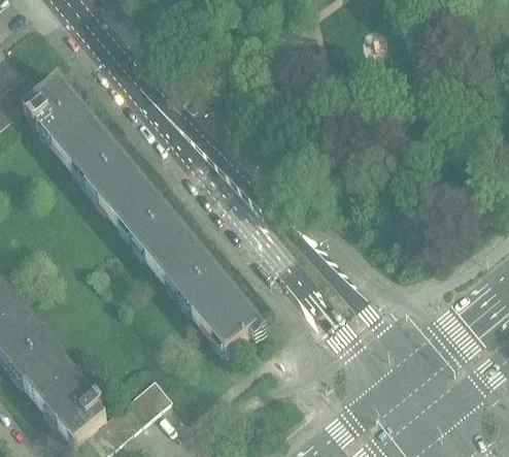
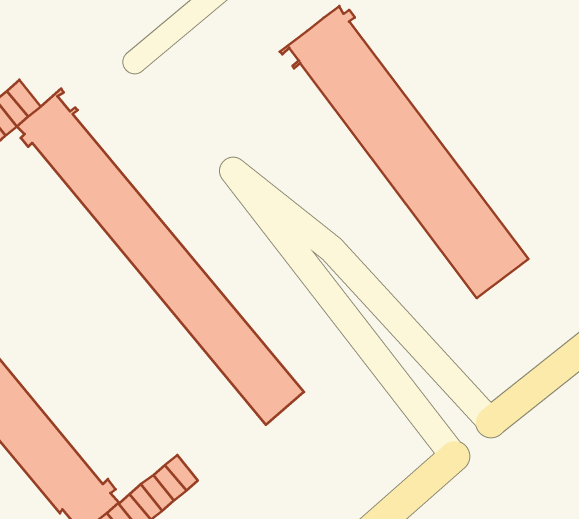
building: none -> [280,6,528,298]

